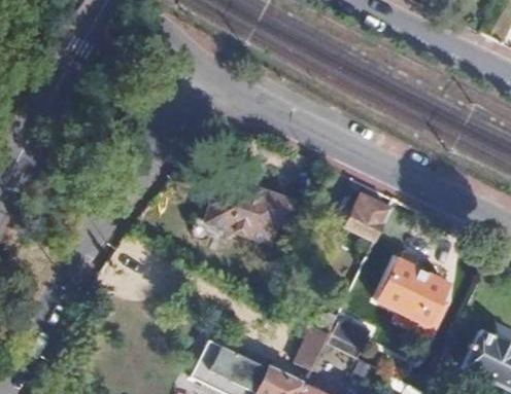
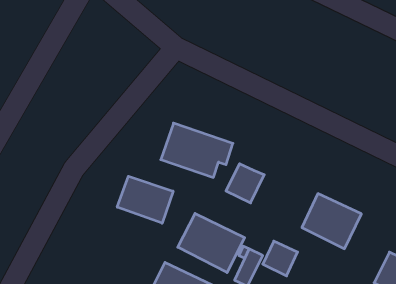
building: [343,194,389,242] -> [226,164,264,203]
building: none -> [117,176,173,223]
building: none -> [178,213,245,273]

